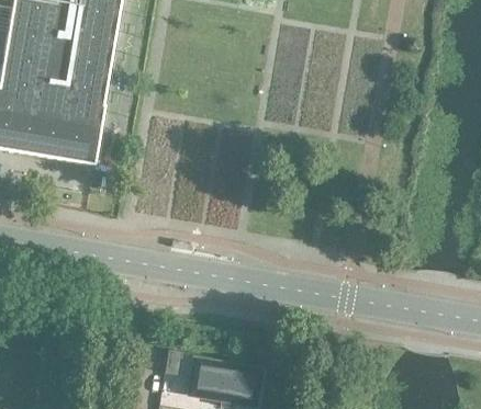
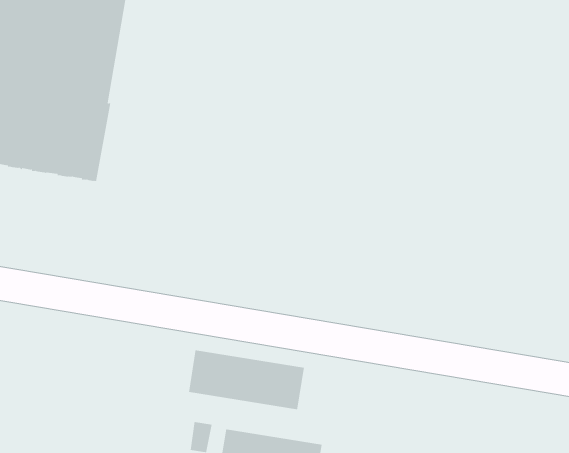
building: none -> [188,349,304,410]

